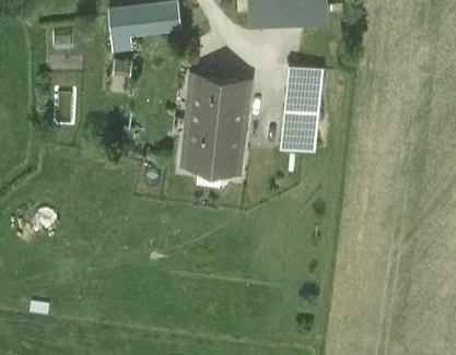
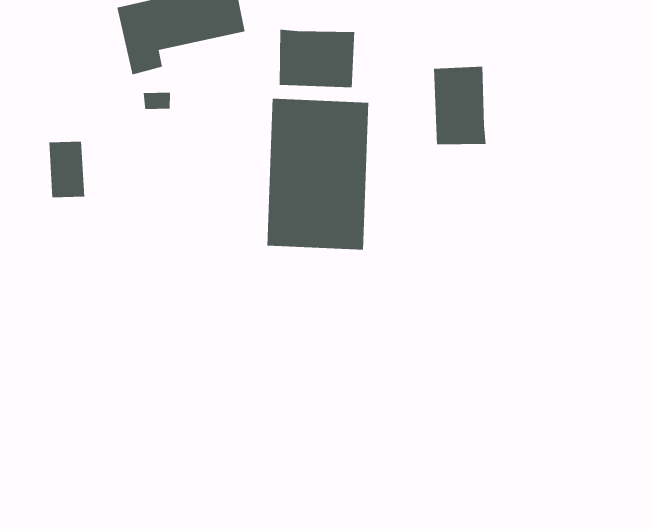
building: none -> [279,29,355,88]
building: [283,111,315,150] -> none

